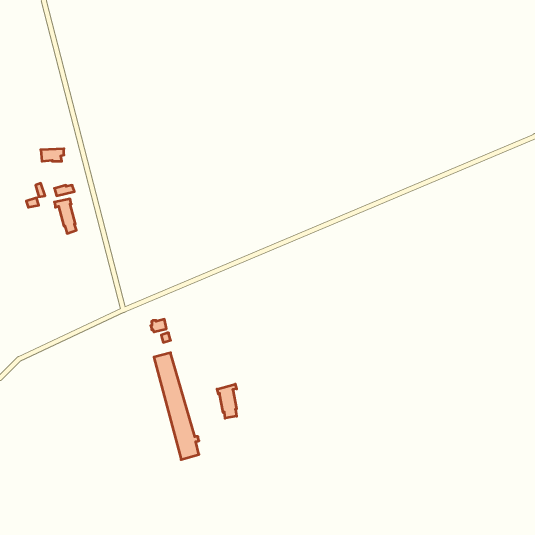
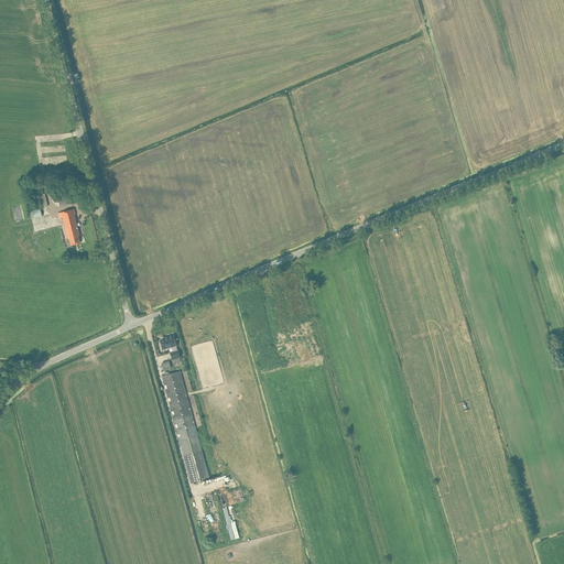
building: [217,384,237,418] -> none

